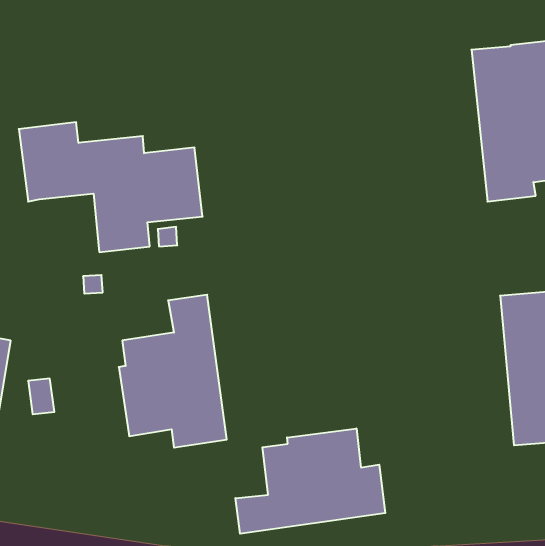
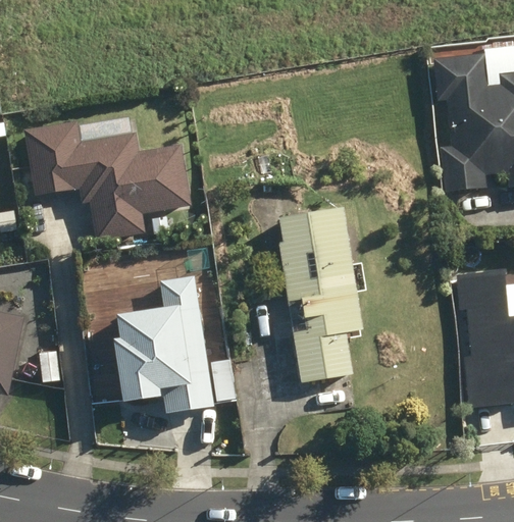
building: none -> [279,208,361,381]
building: [235,428,385,534] -> none

